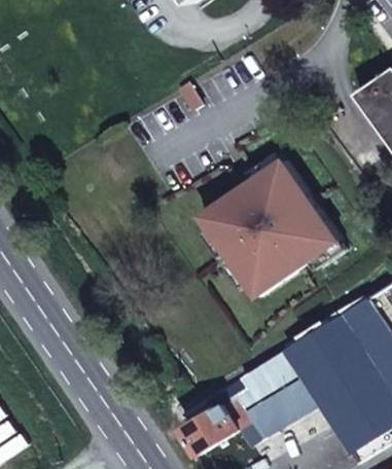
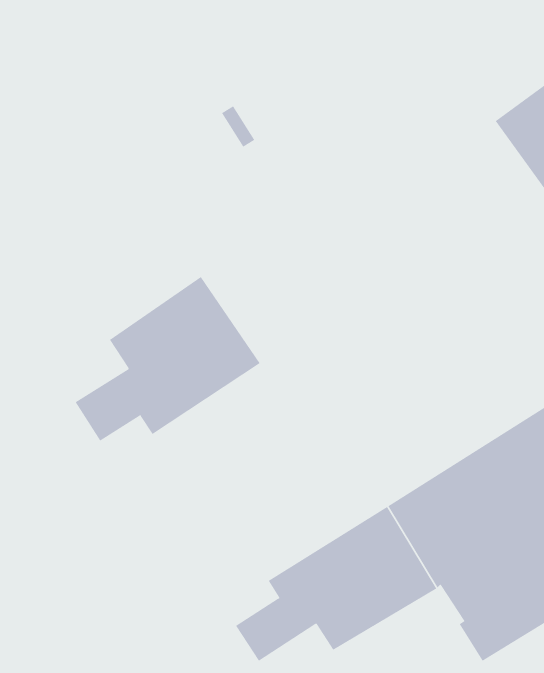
building: [199,161,335,297] -> none
building: none -> [75,276,261,441]

